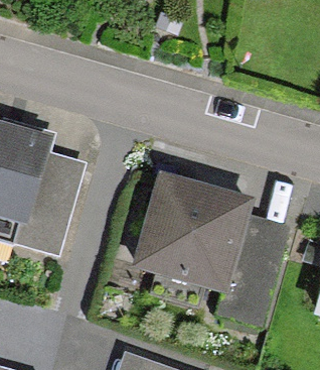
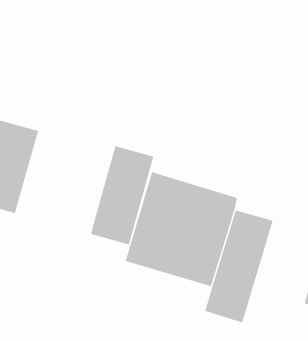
building: [13,149,78,251] -> [90,146,154,245]

